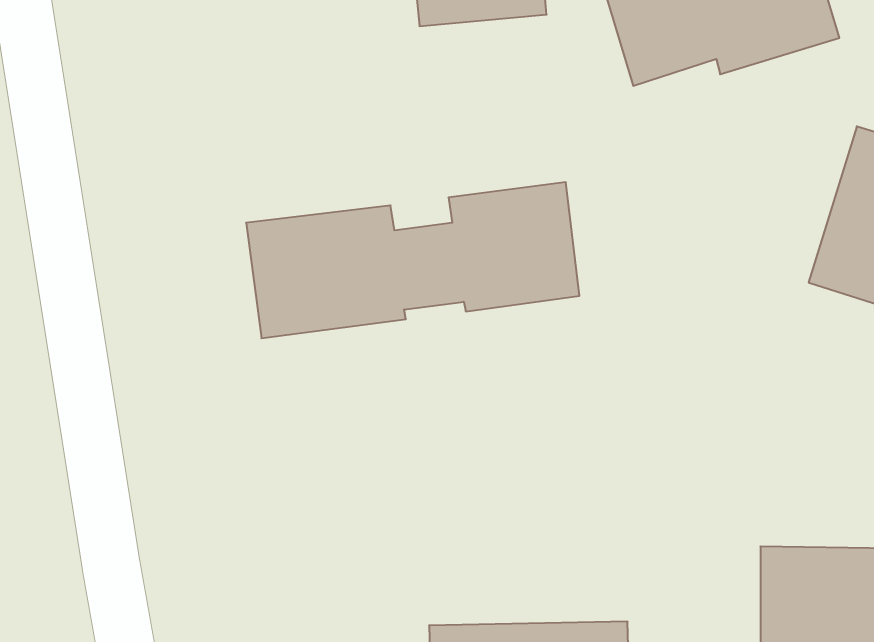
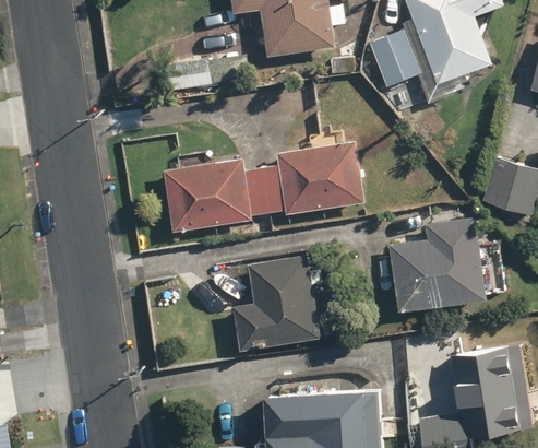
building: none -> [387,215,489,311]
building: none -> [235,254,321,349]

